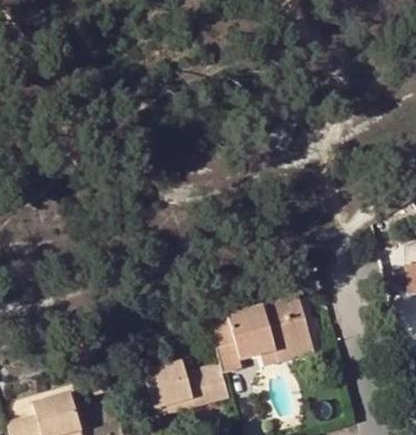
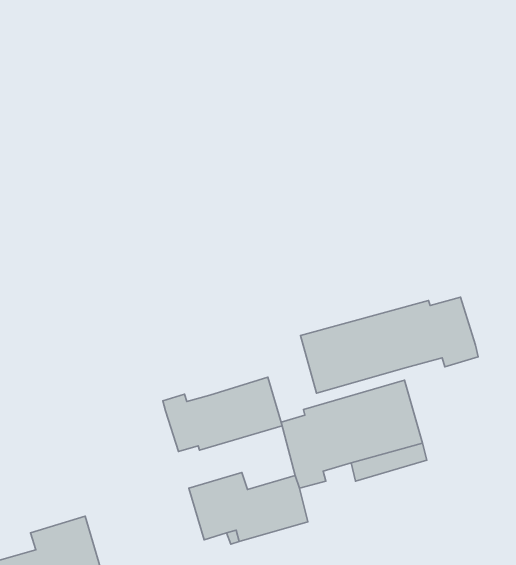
building: none -> [300,297,478,393]
building: none -> [163,377,282,451]

